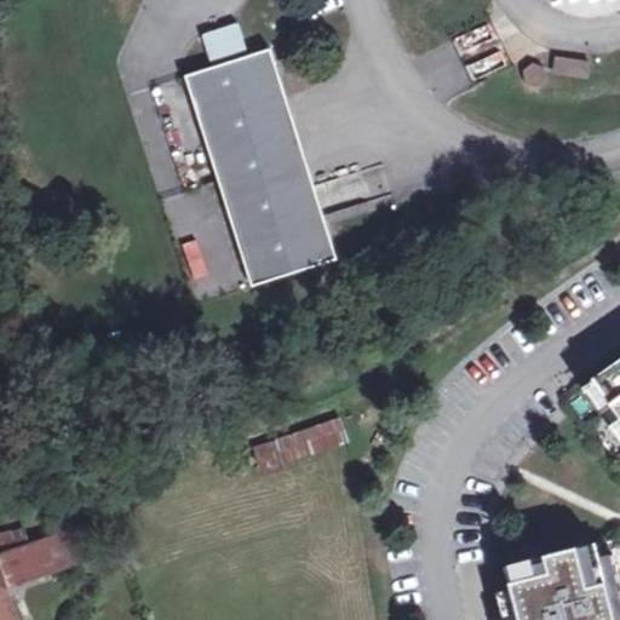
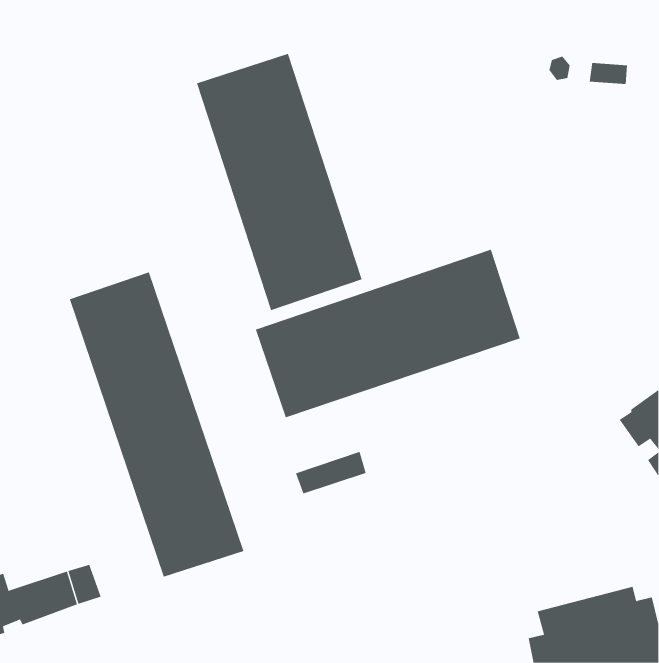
building: none -> [255,249,520,418]
building: none -> [69,271,244,577]

